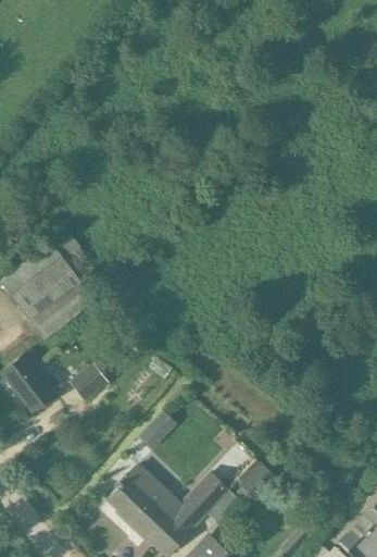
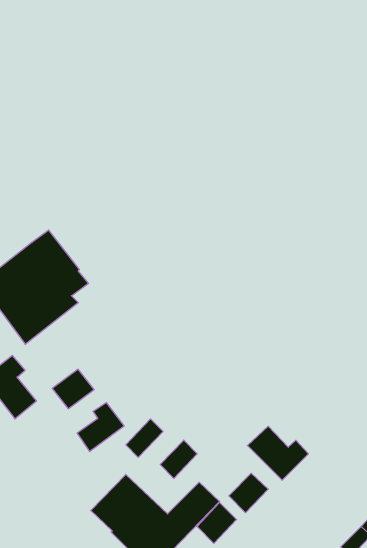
building: none -> [77,402,124,452]
building: none -> [247,426,308,480]
building: none -> [160,440,197,478]

